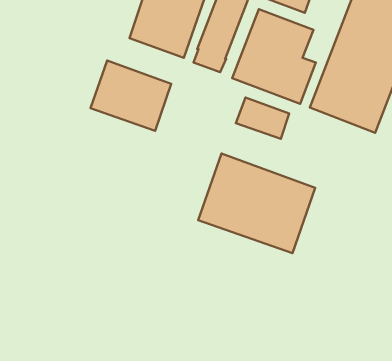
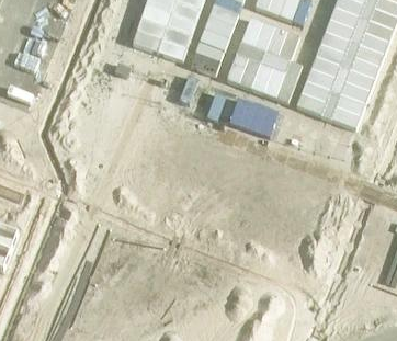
building: [91,60,171,131] -> none
building: [198,154,315,253] -> none

